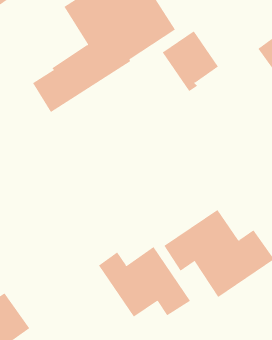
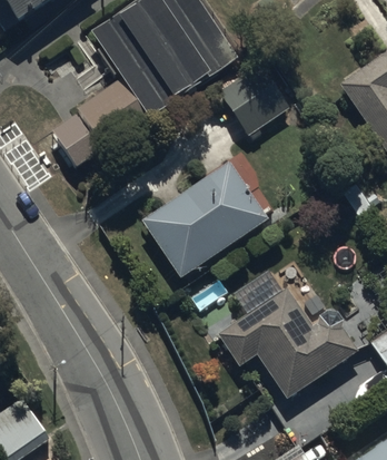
building: none -> [142,160,269,278]
building: [98,246,191,317] -> none

